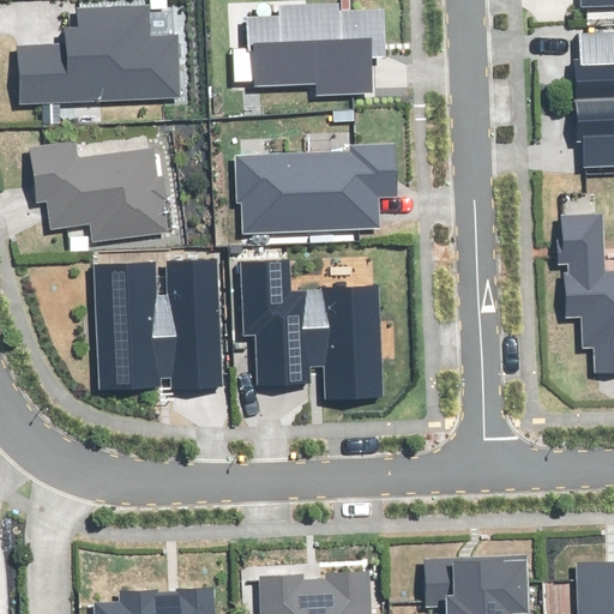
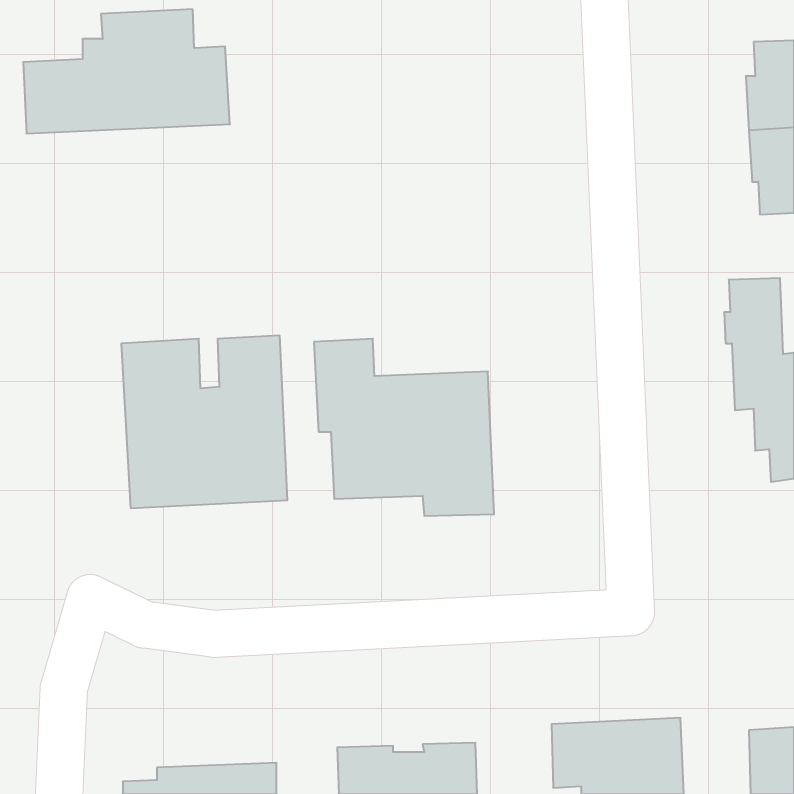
building: [247,5,385,94] -> none
building: [31,144,167,240] -> none
building: [236,145,395,233] -> none

